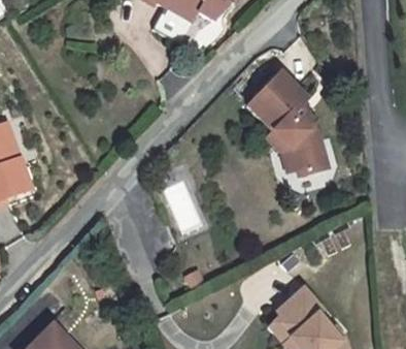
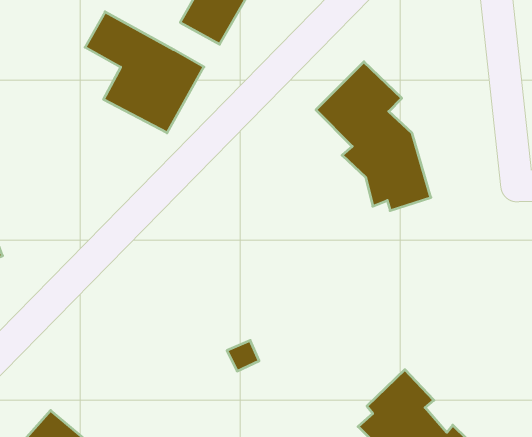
building: none -> [85,12,204,133]

